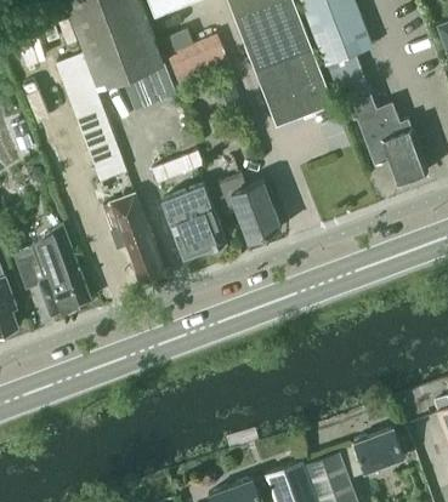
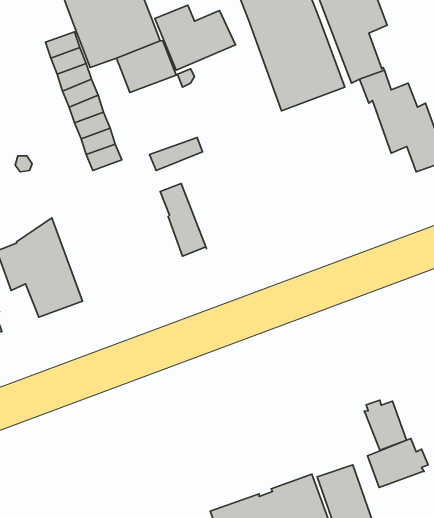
building: [211,175,280,243] -> none
building: [182,186,227,256] -> none
building: [102,195,163,280] -> none
building: none -> [364,400,406,450]

